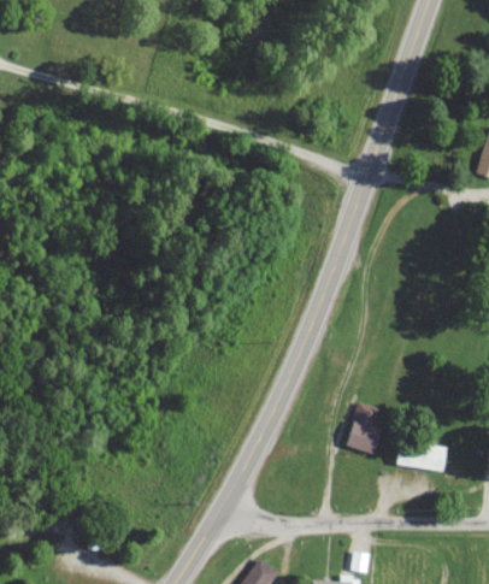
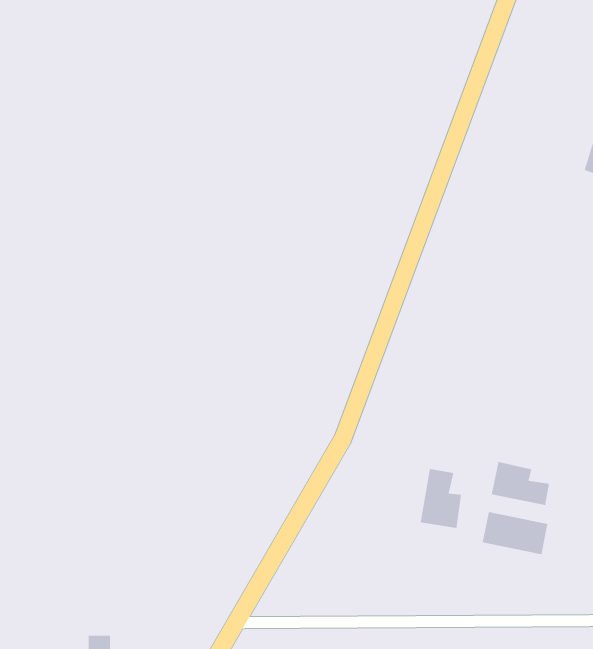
building: none -> [491,461,550,506]

